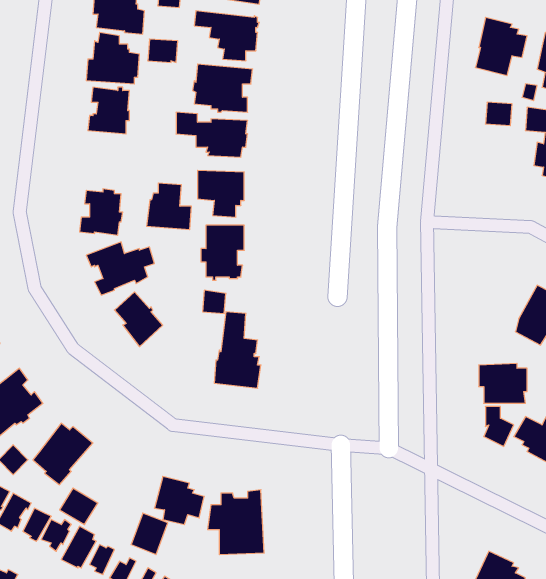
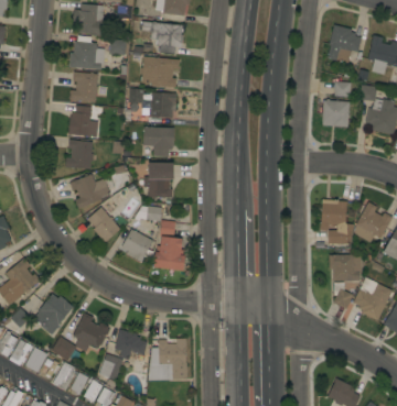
building: none -> [322,99,350,128]
building: [147,183,191,230] -> [68,106,98,136]
building: none -> [321,199,354,244]
building: none -> [121,229,153,262]
building: none -> [73,312,110,351]

